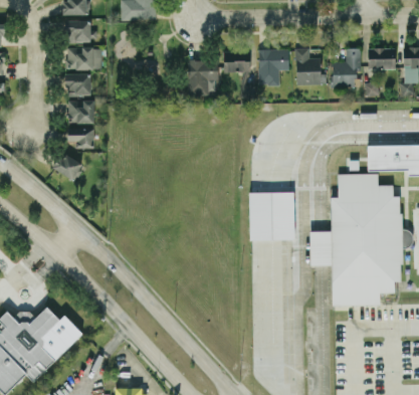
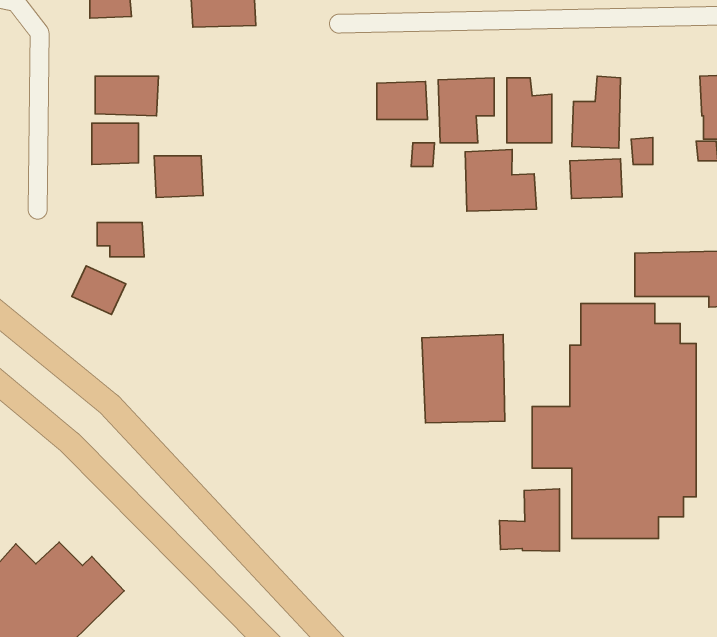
building: [65,20,90,43] -> none
building: [367,47,396,69] -> [570,159,622,199]
building: [186,59,217,94] -> none
building: none -> [465,150,536,211]
building: [67,101,94,124] -> [154,156,203,197]
building: none -> [500,489,560,551]

